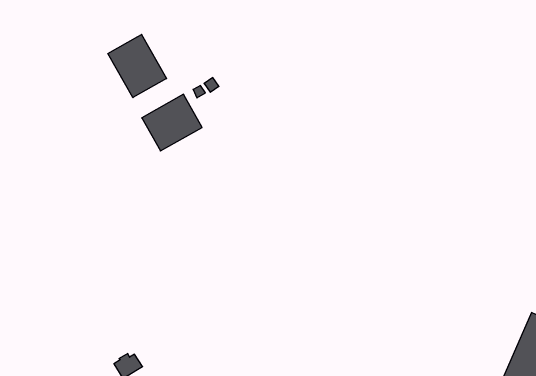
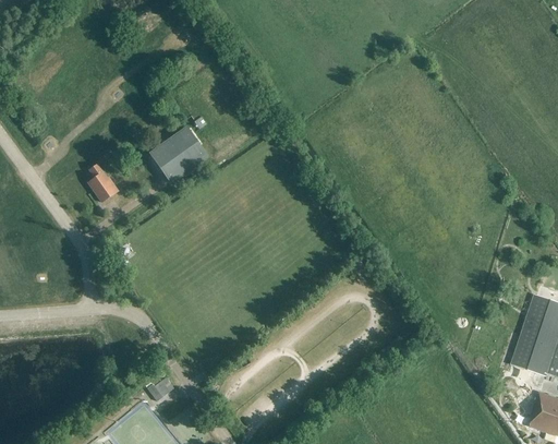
building: [108,34,167,98] -> none
building: none -> [87,163,118,201]

